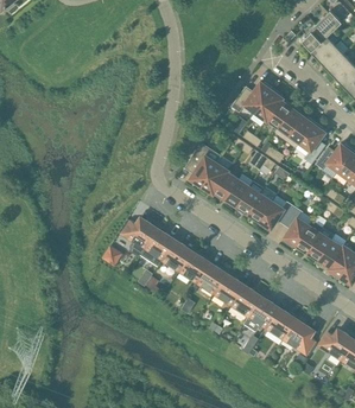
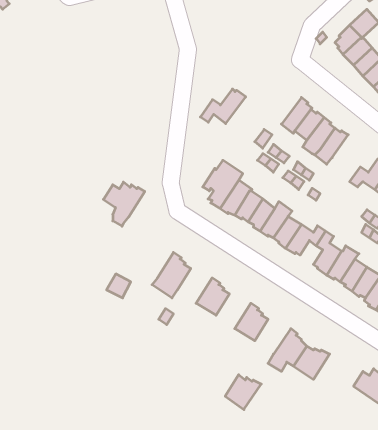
building: [233,82,273,113] -> [200,89,246,124]
building: [300,122,325,164] -> none
building: [122,218,159,257] -> [103,182,145,226]
building: [163,241,194,272] -> none
building: [197,263,228,294] -> none
building: [232,286,264,317] -> [225,375,261,410]
building: [284,317,315,355] -> none

